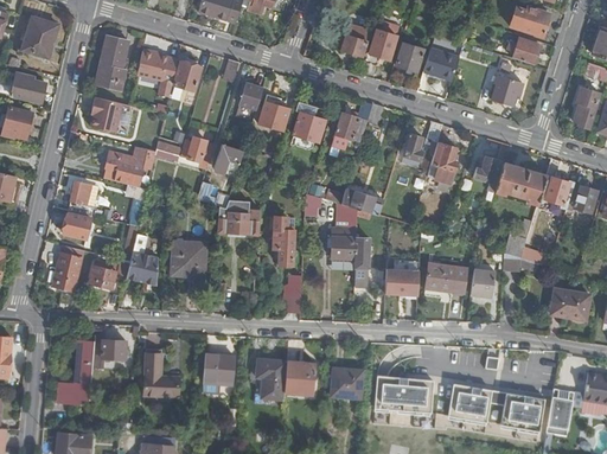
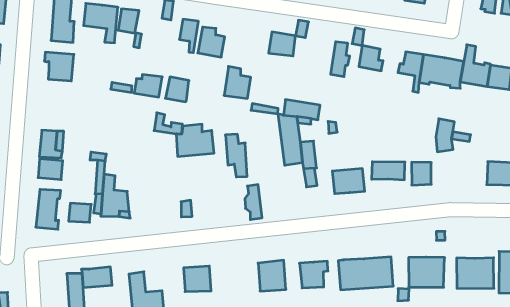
building: [292,104,324,142] -> [224,66,251,98]
building: [103,147,156,187] -> none
building: [173,241,206,275] -> none
building: [256,359,288,399] -> none

